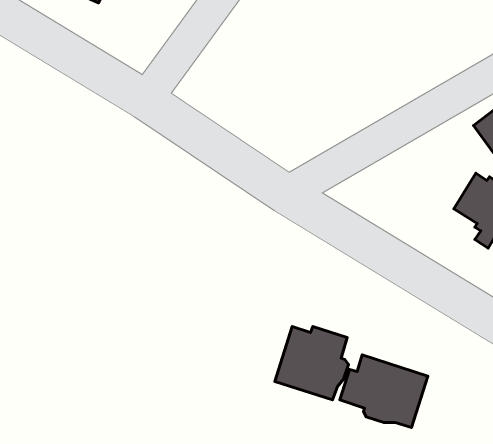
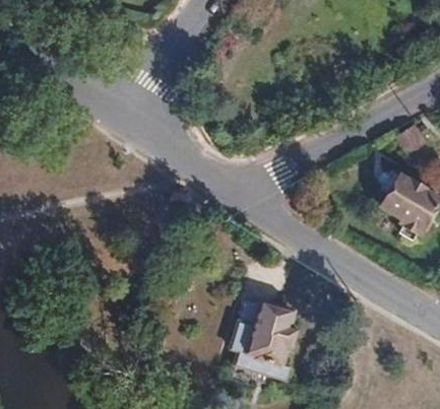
building: [340,355,428,427] -> none

